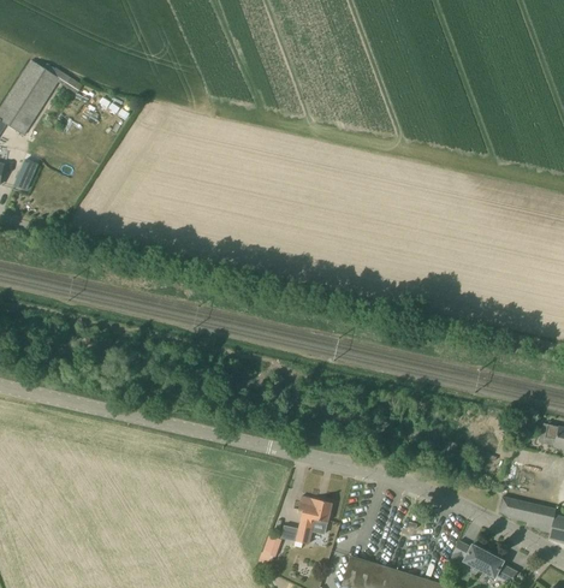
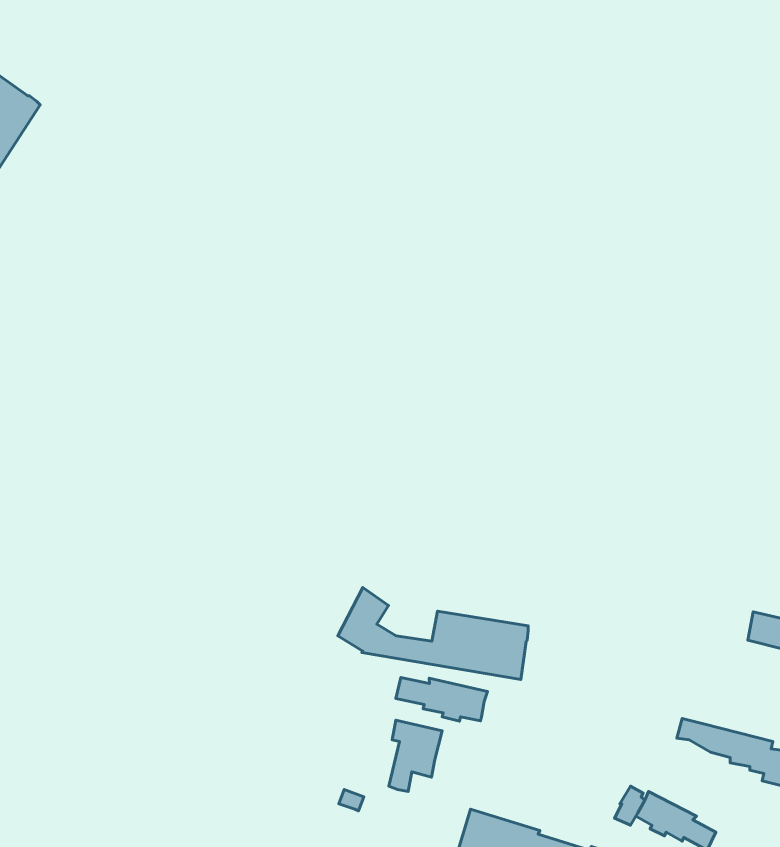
building: none -> [338,588,528,679]
building: none -> [396,677,488,721]

